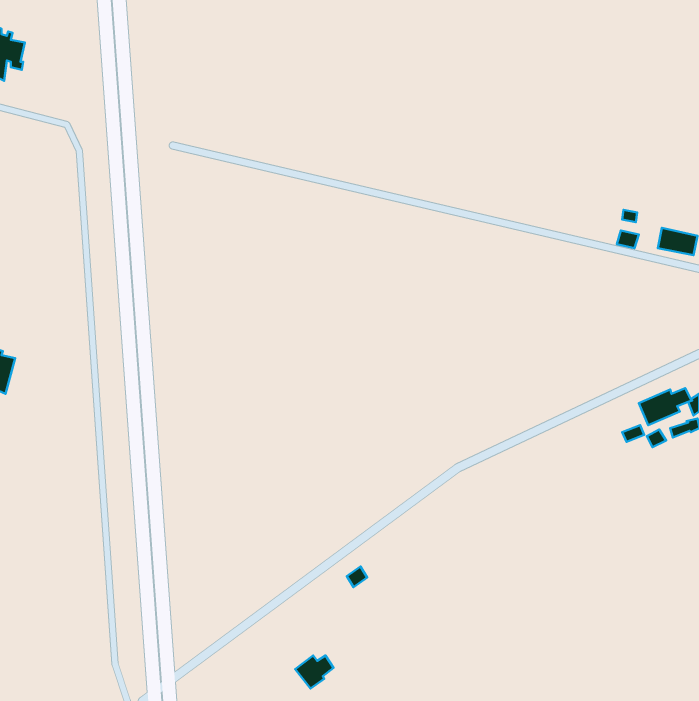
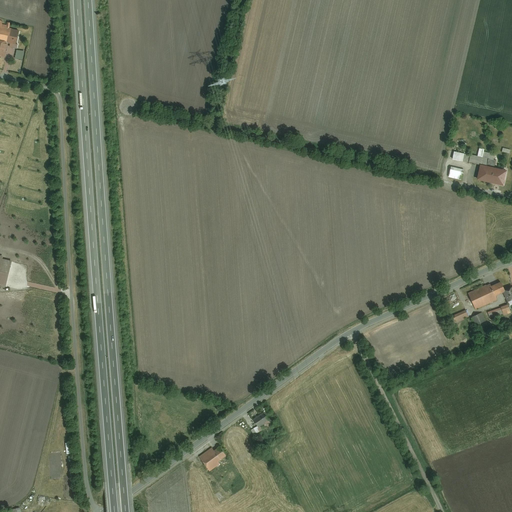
building: [295,655,334,688] -> [198,447,226,471]

